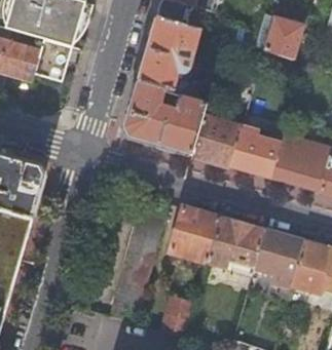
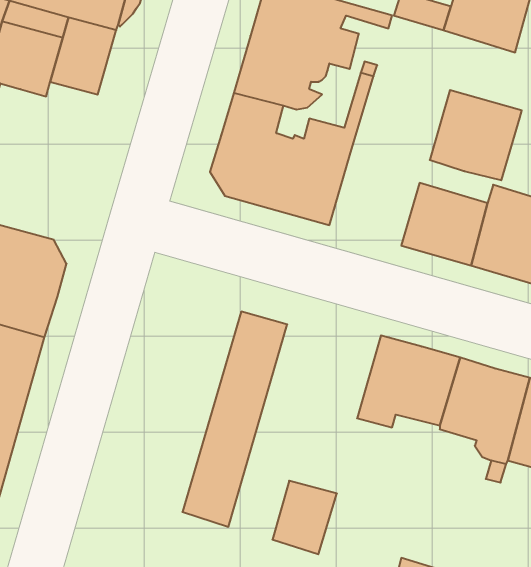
building: [191,116,243,166] -> [430,90,522,180]
building: [170,205,220,263] -> none

